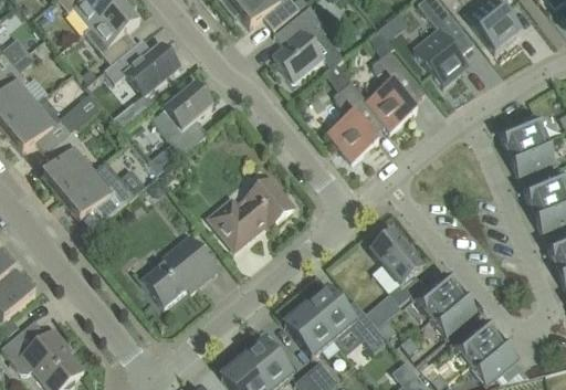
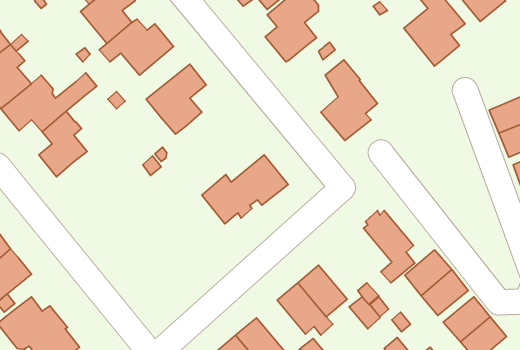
building: [367,29,424,130] -> none
building: [61,159,135,221] -> none
building: [143,235,218,306] -> none

